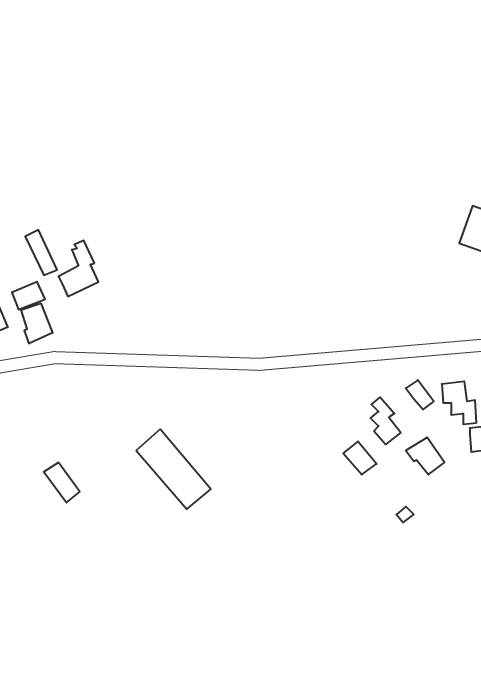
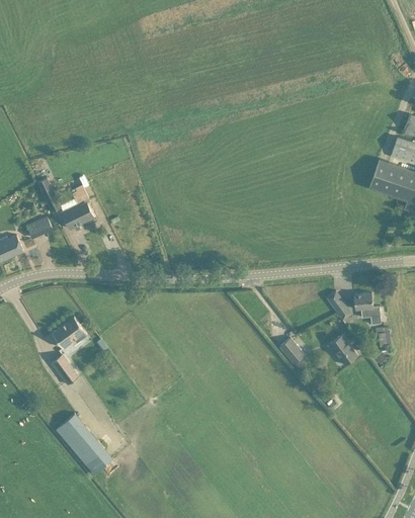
building: [21,303,53,344] -> none
building: [371,397,401,444] -> none
building: none -> [53,318,88,349]
building: [136,429,211,509] -> [57,414,113,474]

